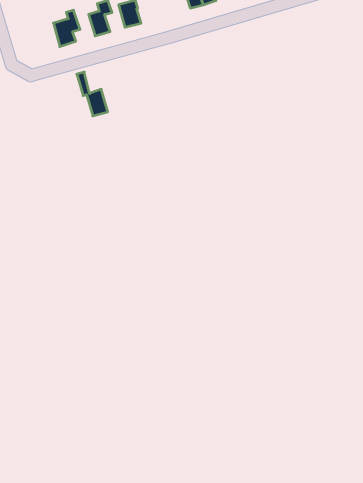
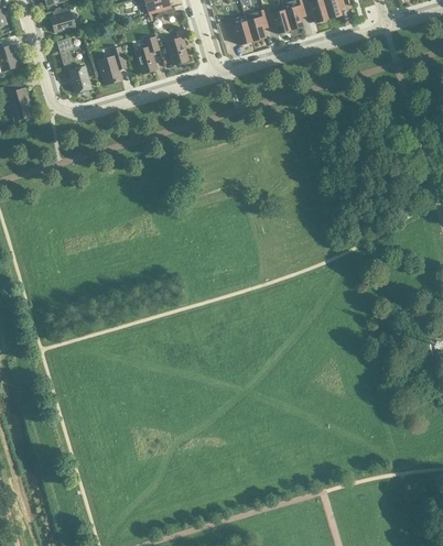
building: [77,72,108,116] -> [58,47,90,92]

